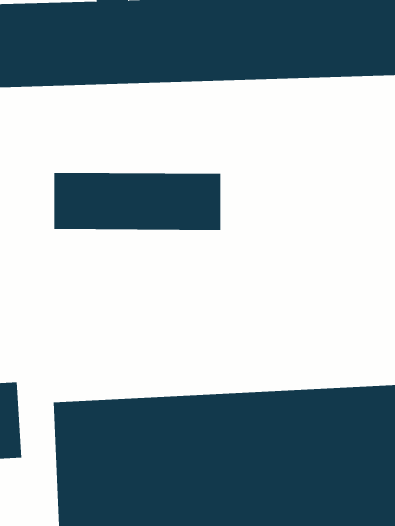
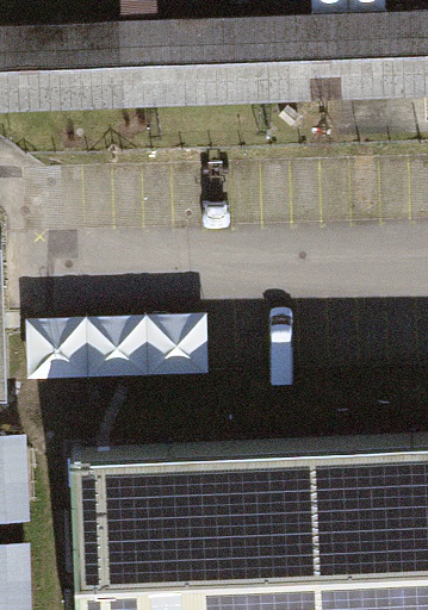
building: [53,172,221,230] -> [38,306,215,367]

